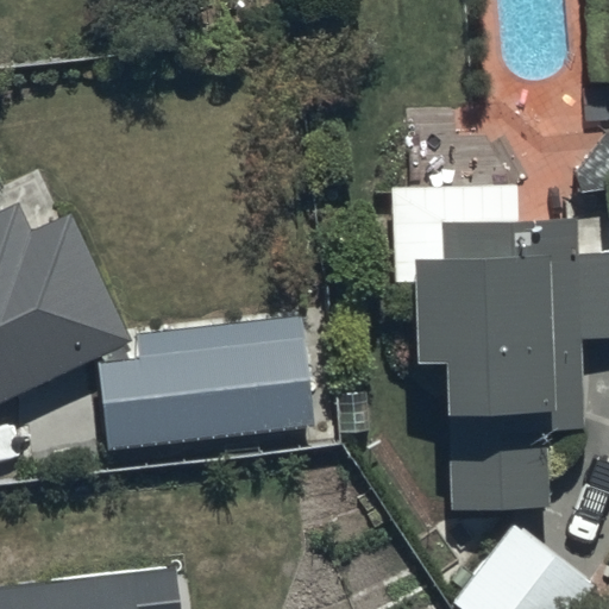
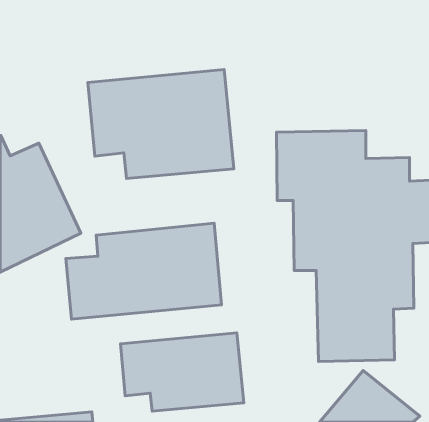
building: none -> [88,69,234,178]
building: none -> [120,333,244,411]

